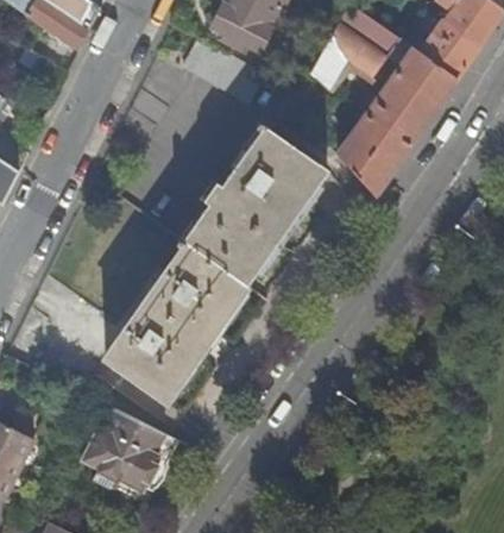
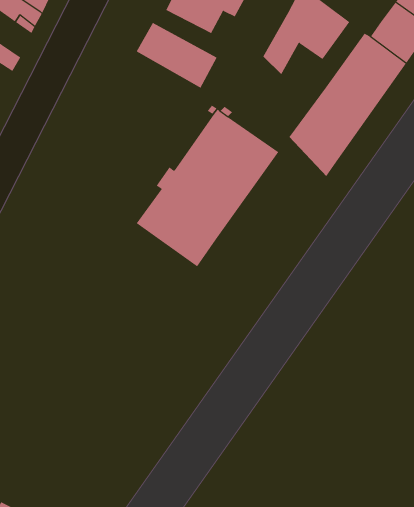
building: [105,239,246,401] -> none
building: [78,409,164,491] -> none

